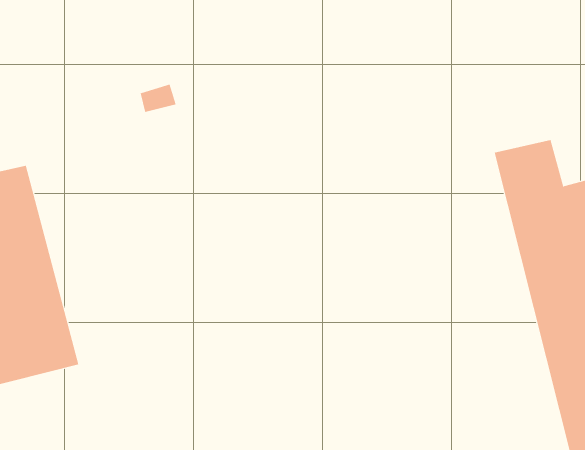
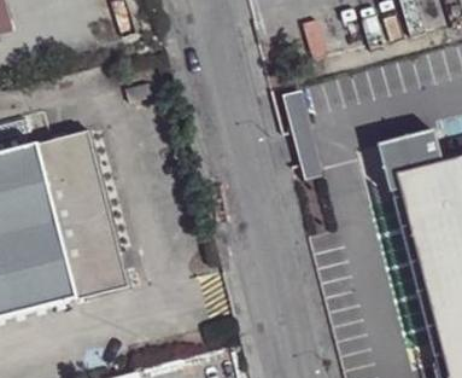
building: none -> [37,135,128,298]

